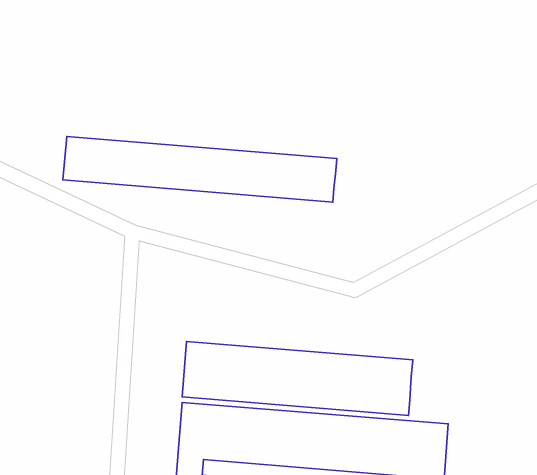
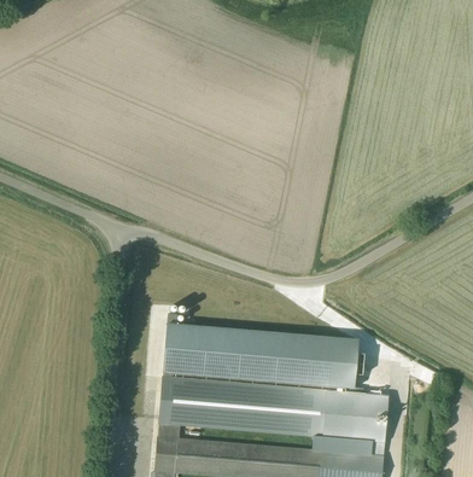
building: [63,136,337,202] -> none

